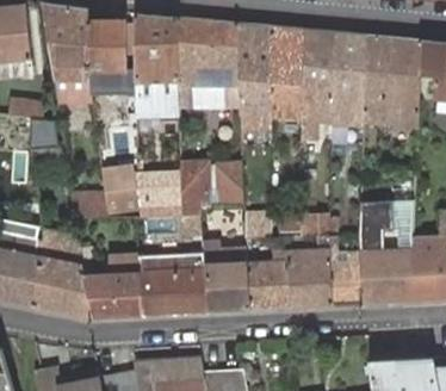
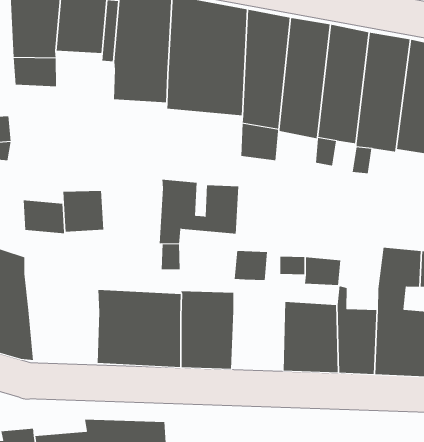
building: [137,172,182,217] -> none
building: [79,249,142,317] -> none
building: [247,253,290,310] -> none

